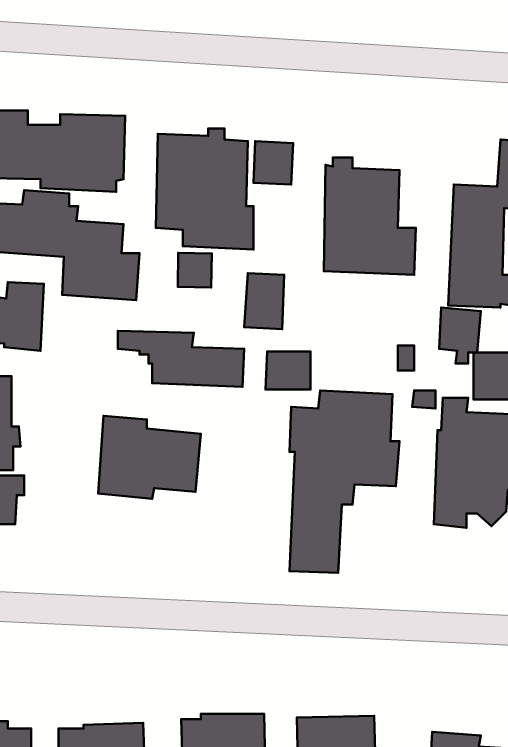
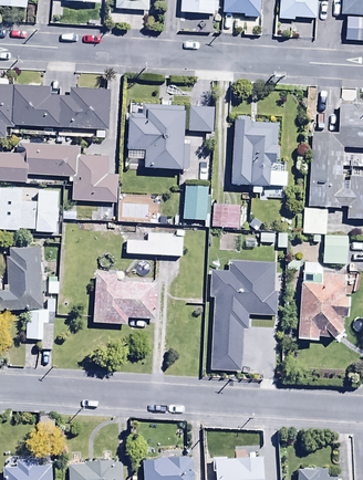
building: [178,253,212,288] -> none
building: [265,351,311,389] -> [212,204,240,227]

